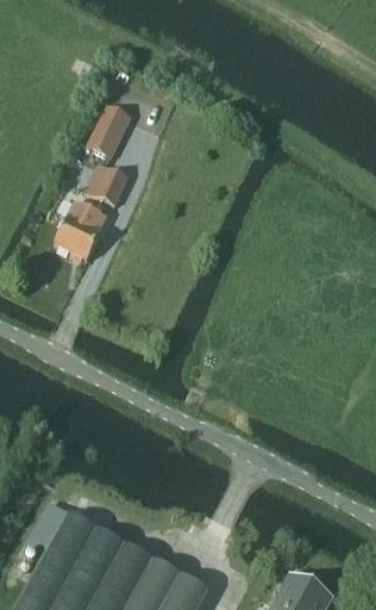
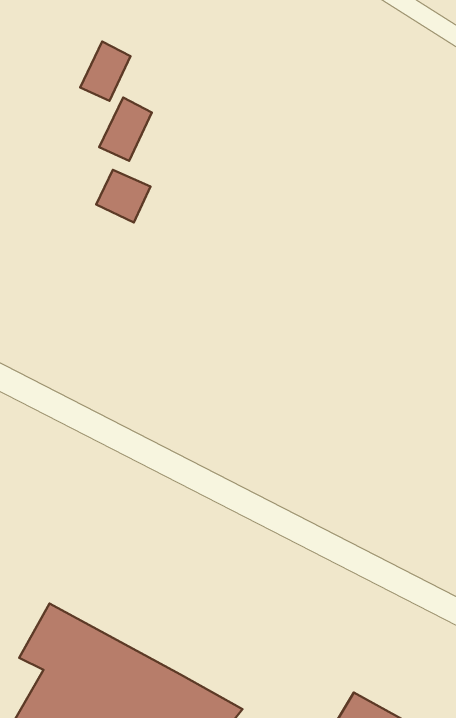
building: none -> [80,42,130,101]
building: [56,203,107,262] -> none

